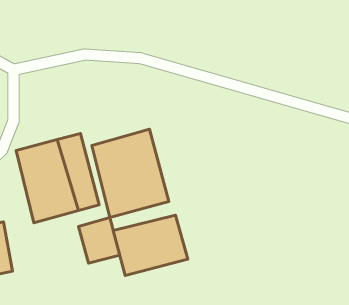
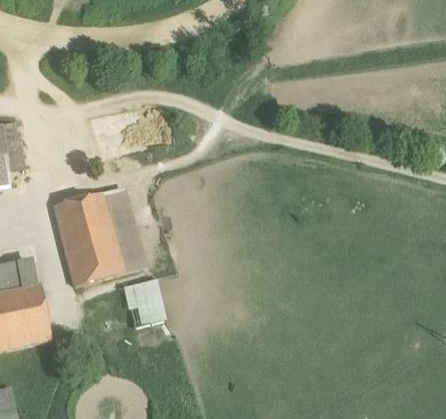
building: [92,129,169,218] -> none
building: [113,215,188,276] -> none

